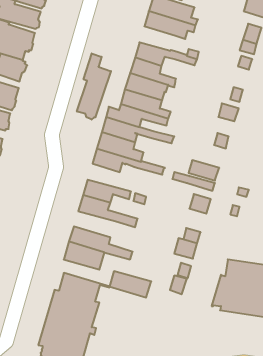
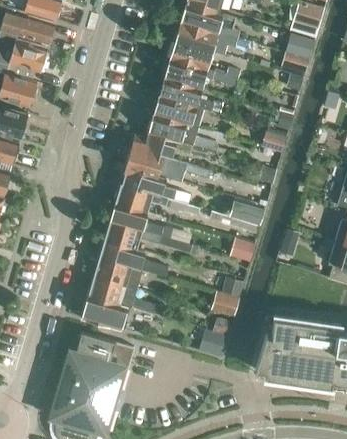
building: none -> [170,41,212,70]
building: [77,53,111,120] -> none
building: none -> [109,203,162,236]
building: [110,271,151,298] -> [93,259,142,290]

